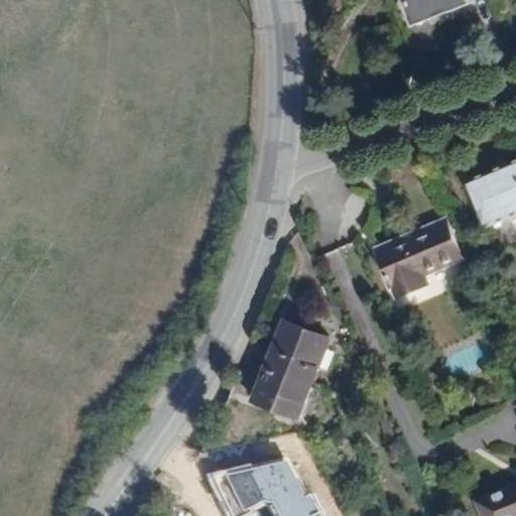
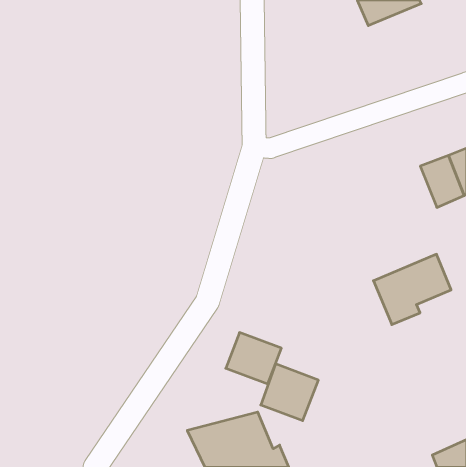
building: [376,219,462,296] -> [373,254,451,325]
building: [265,321,329,384] -> [261,364,318,421]

